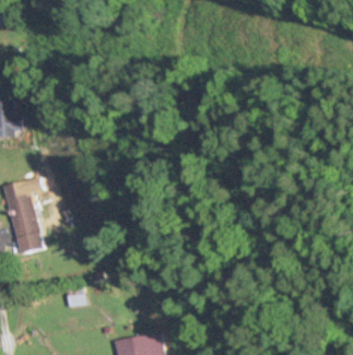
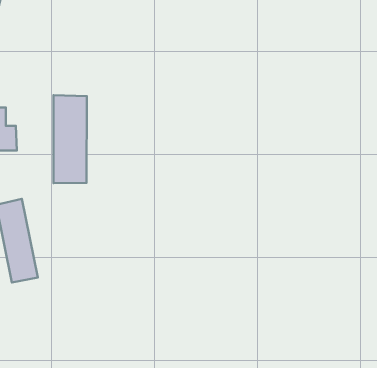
building: none -> [54,95,87,183]

